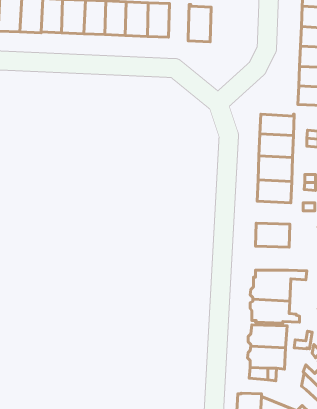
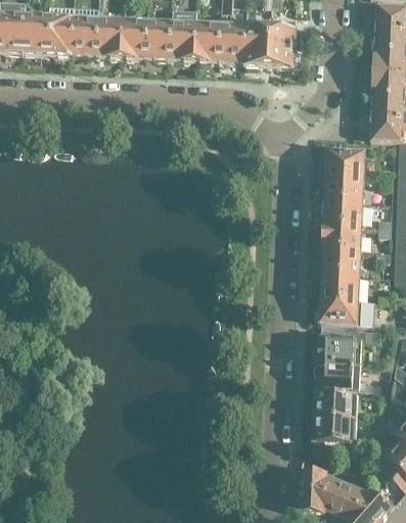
building: none -> [221,22,244,62]
building: none -> [269,27,296,67]
building: none -> [322,250,362,277]
building: none -> [320,302,360,330]

